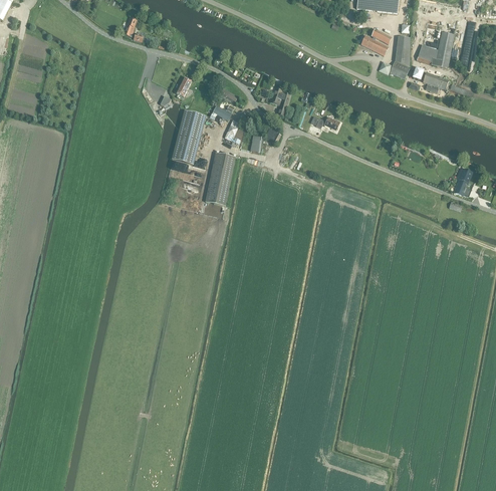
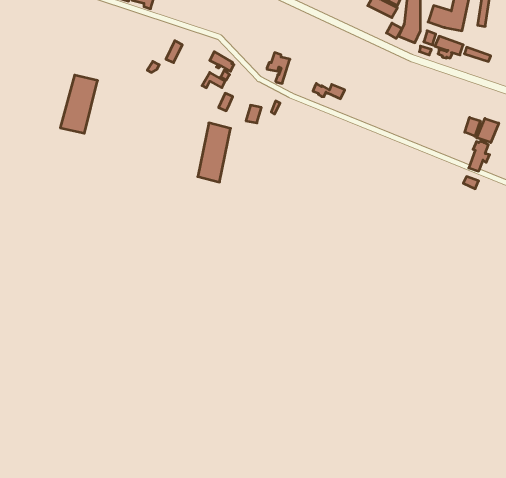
building: [171,110,205,164] -> [60,75,98,133]
building: none -> [465,117,499,143]

